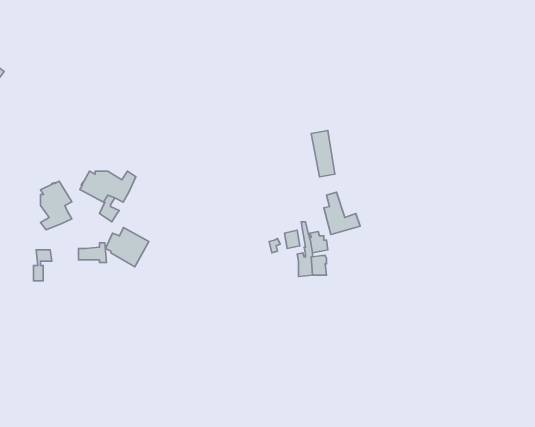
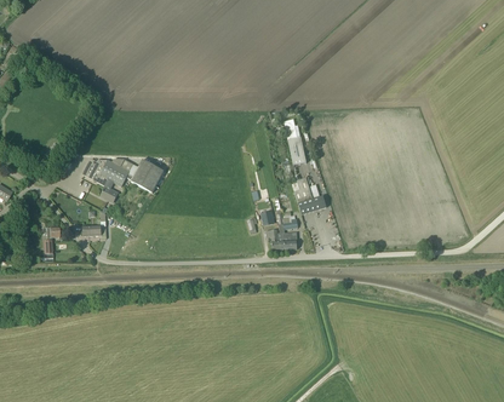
building: [41,181,72,230] -> none
building: [105,227,149,267] -> [126,159,164,193]

